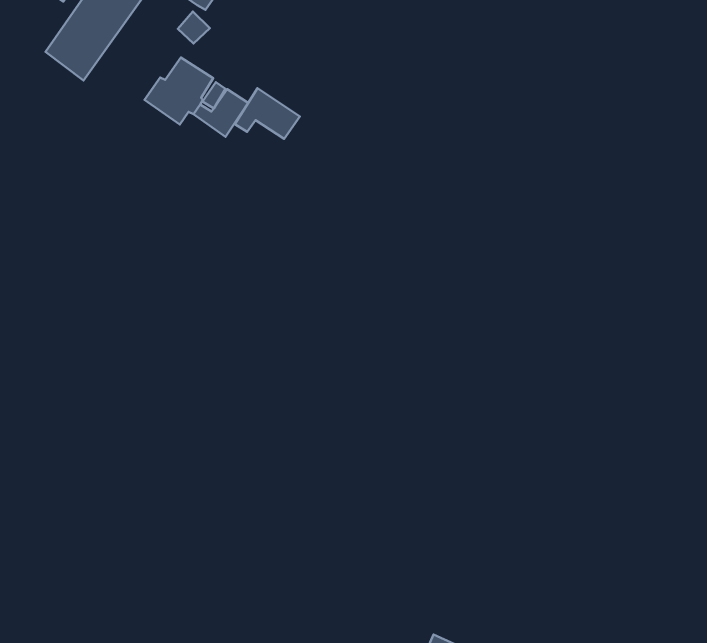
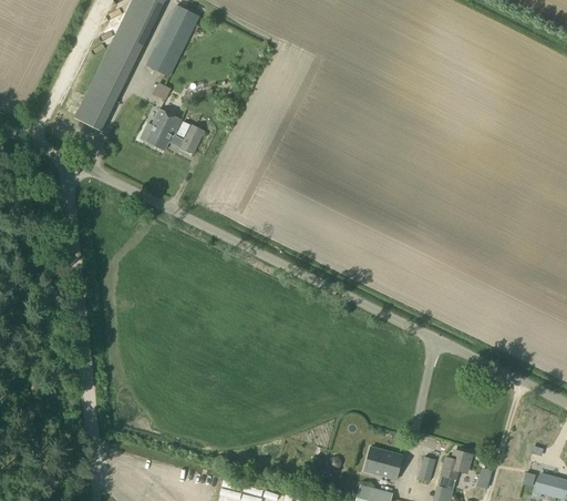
building: [235,88,300,139] -> none

